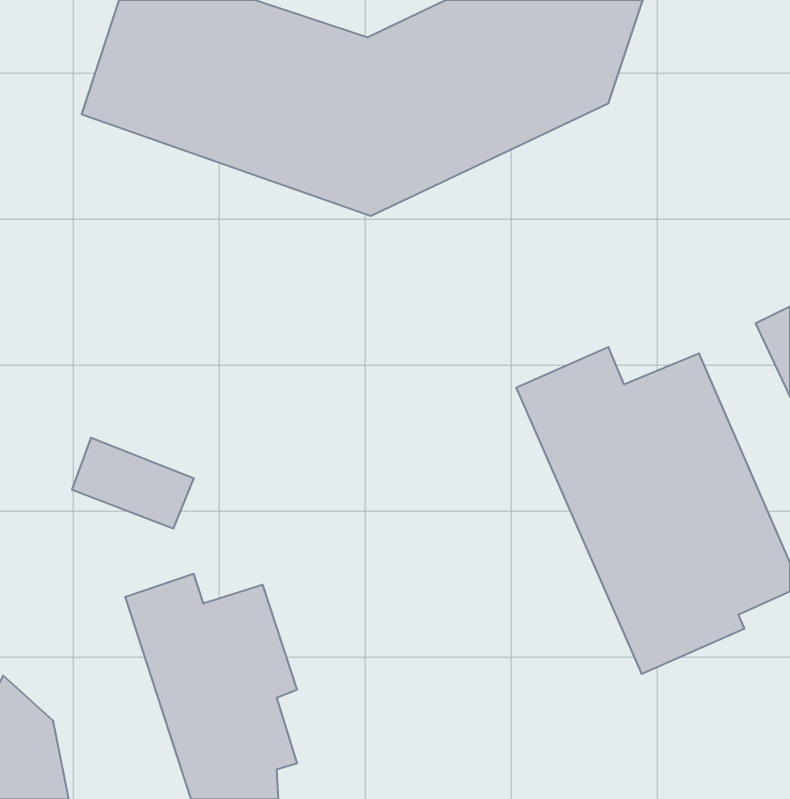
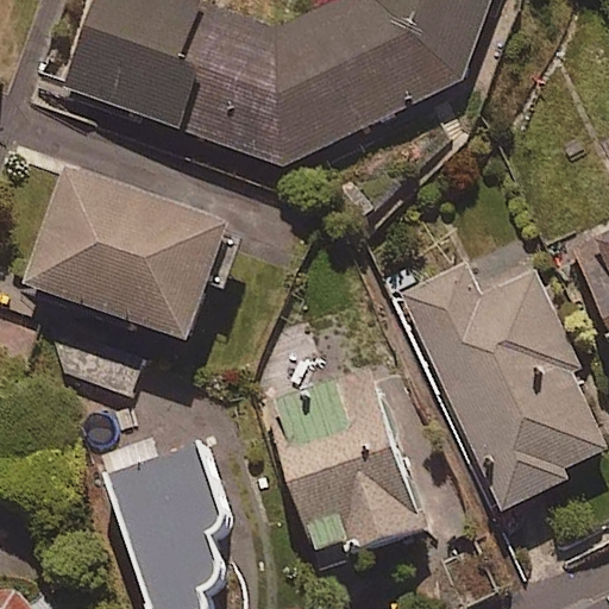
building: none -> [26,167,231,339]
building: none -> [264,368,426,563]

